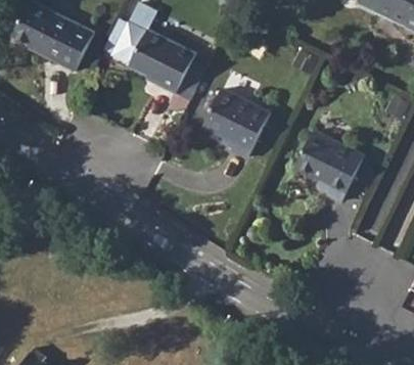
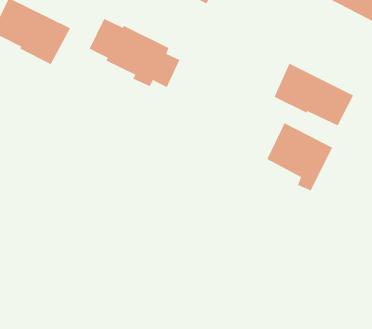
building: none -> [274,63,354,126]
building: [202,90,269,158] -> none

